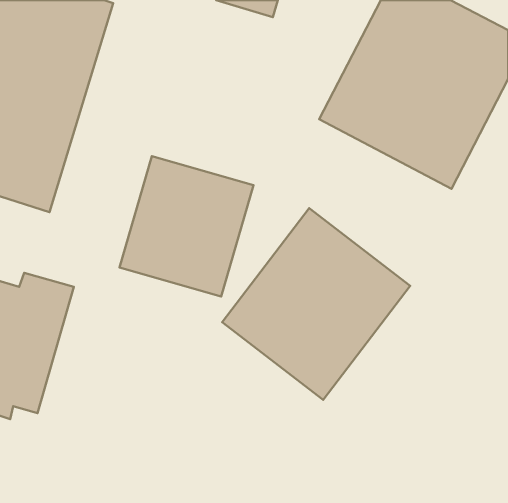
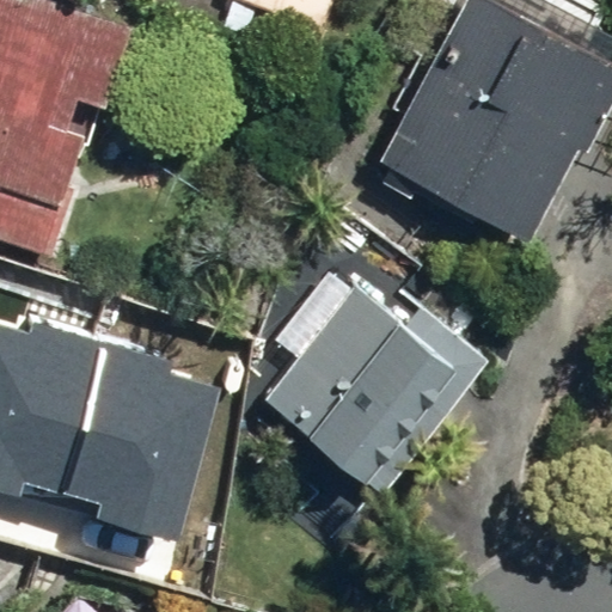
building: [120,156,254,296] -> none
building: none -> [59,359,209,555]

